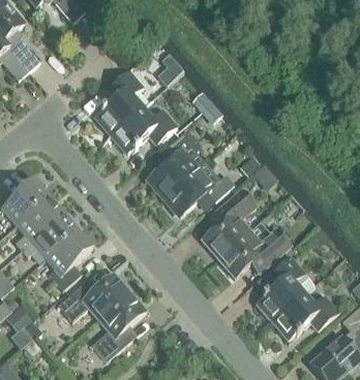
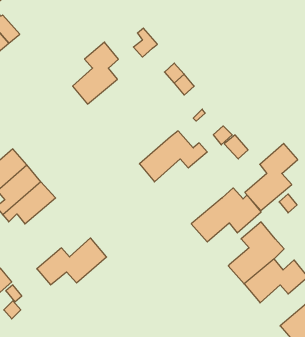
building: [111,108,177,153] -> none
building: [149,129,205,196] -> none
building: [202,189,257,258] -> [245,143,298,210]
building: [46,231,92,290] -> none
building: [93,292,147,361] -> none

